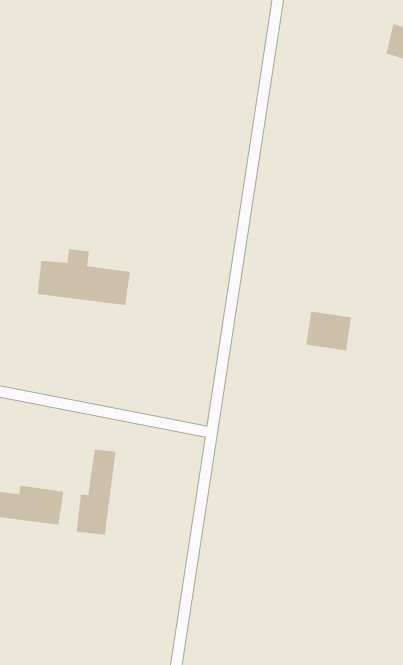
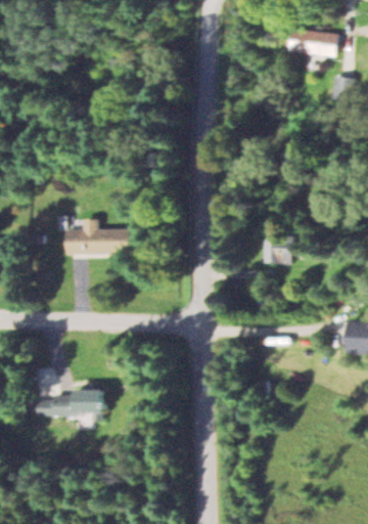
building: [76,449,116,535] -> none

